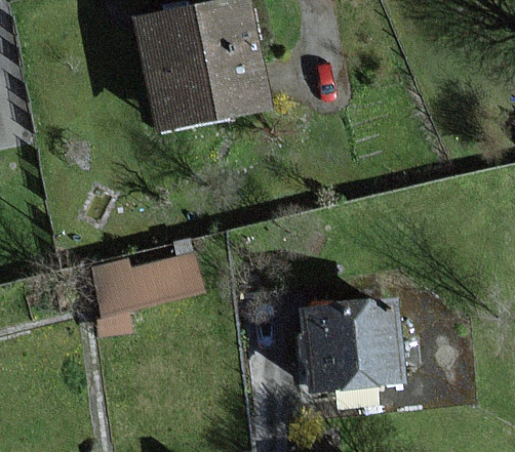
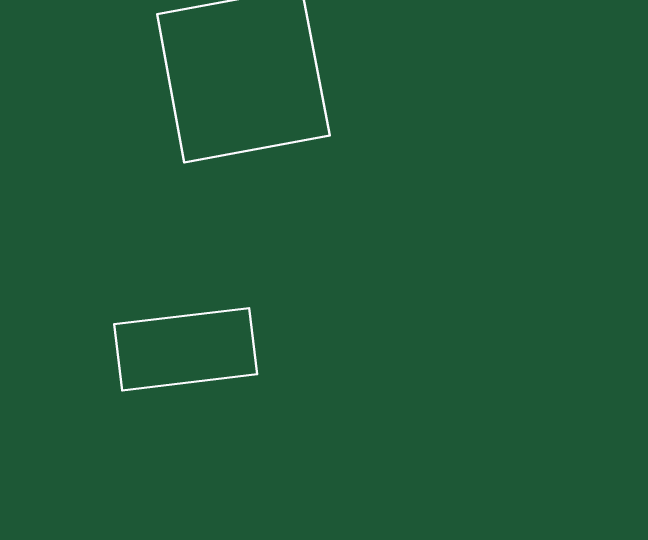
building: [302,299,403,395] -> none

